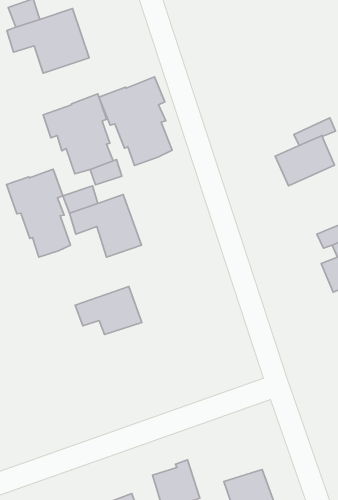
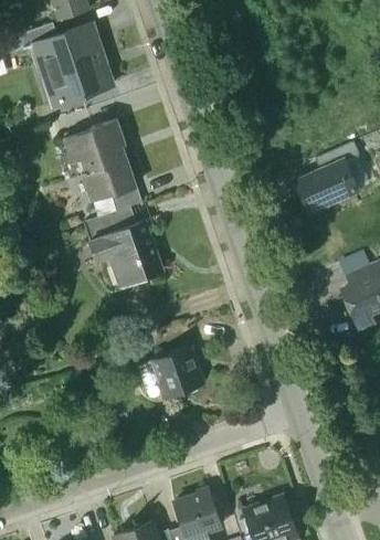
building: [99,77,172,166] -> none
building: [6,169,71,257] -> none
building: [75,286,142,335] -> [135,349,202,398]

